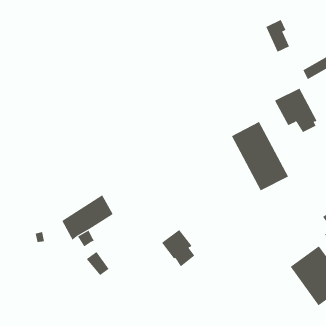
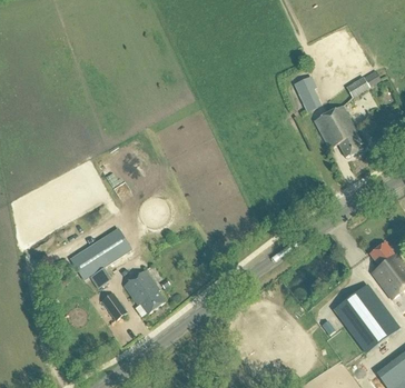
building: [265,19,290,52] -> [293,74,320,112]
building: [231,121,289,191] -> none
building: [161,229,195,267] -> [126,270,165,314]

